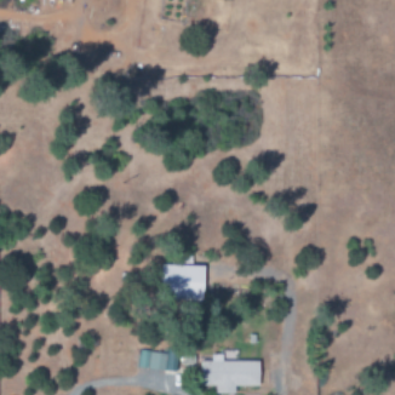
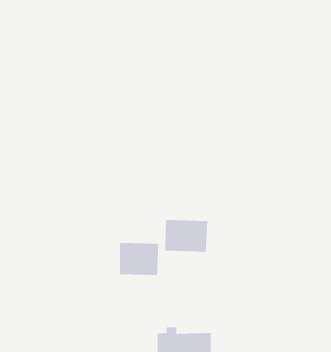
building: none -> [165,219,208,252]

